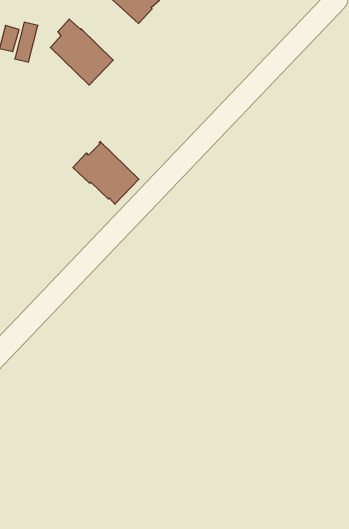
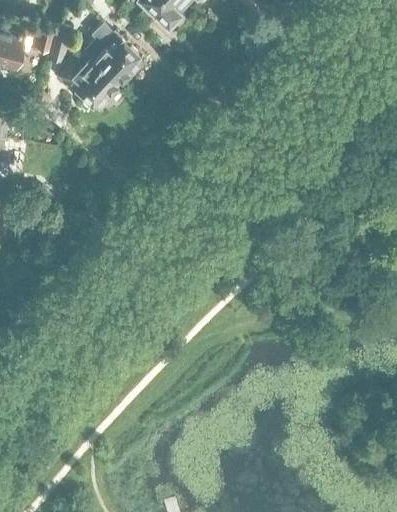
building: [73,141,139,204] -> [58,51,121,111]

